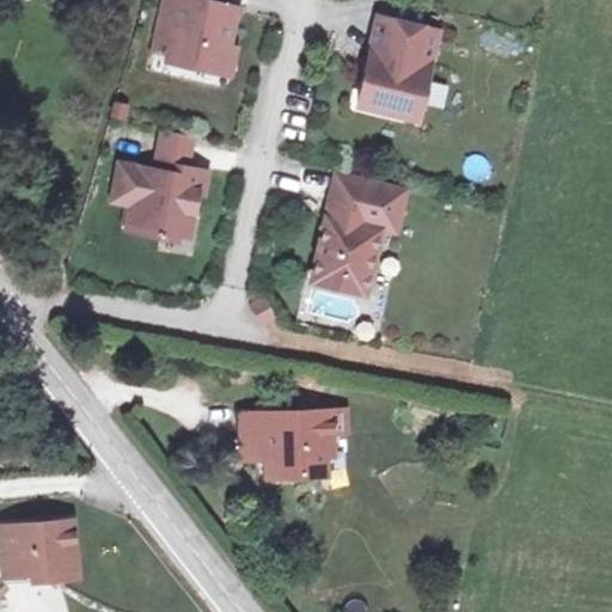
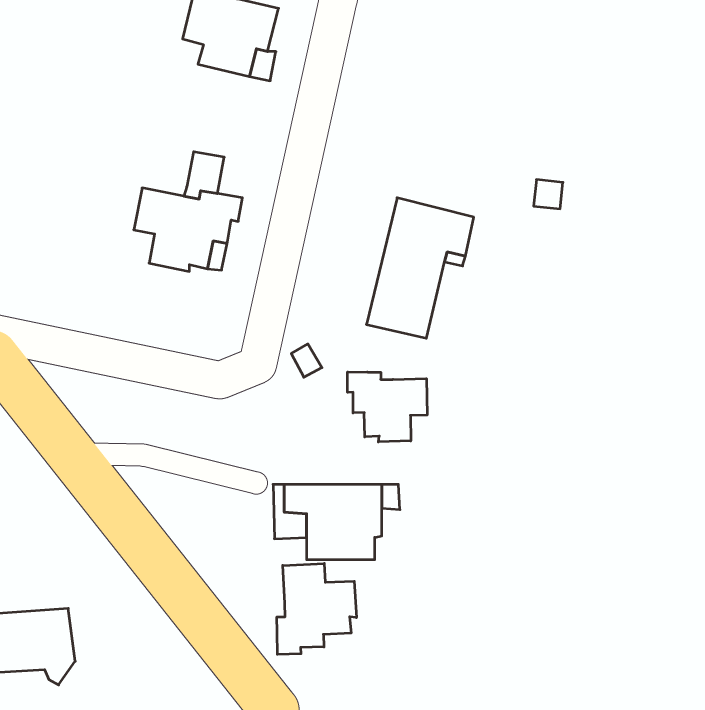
building: [361,16,440,116] -> none
building: none -> [348,372,427,442]
building: none -> [277,563,356,654]

